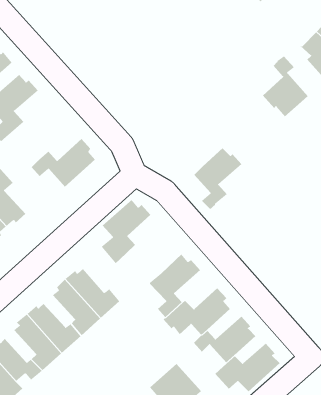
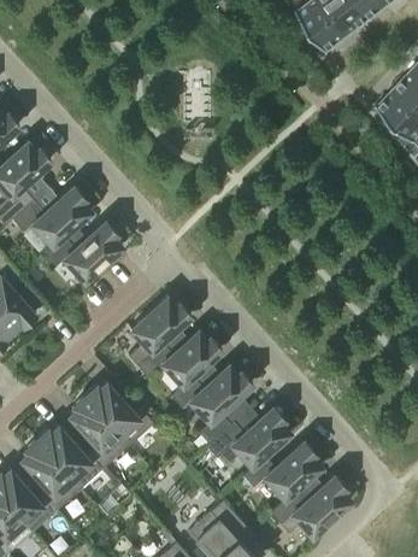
building: [262,55,309,117] -> none
building: none -> [12,184,92,246]
building: [194,148,242,210] -> [161,329,222,406]

